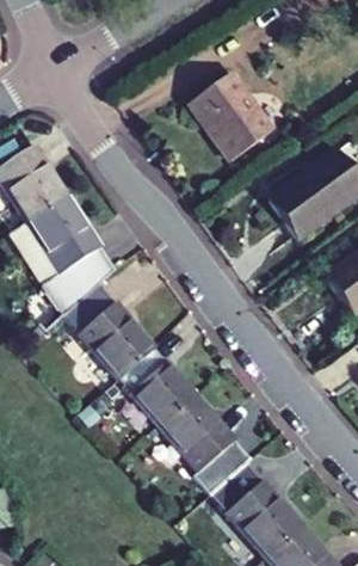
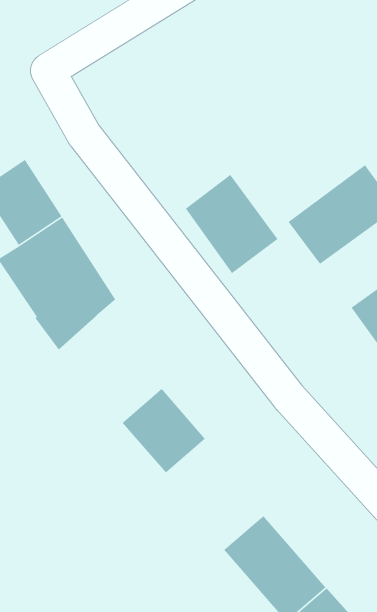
building: [190,70,273,160] -> [185,174,279,274]
building: [64,283,156,379] -> none
building: [160,393,252,492] -> none

